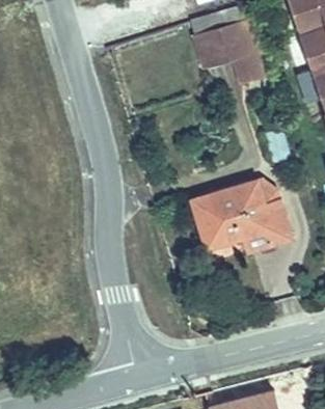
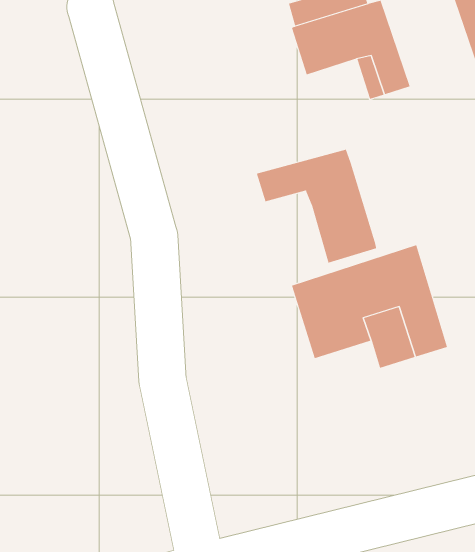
building: none -> [256,149,377,263]

